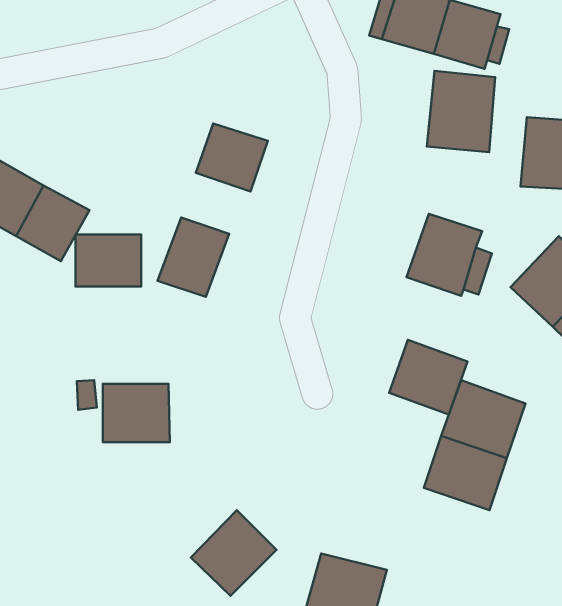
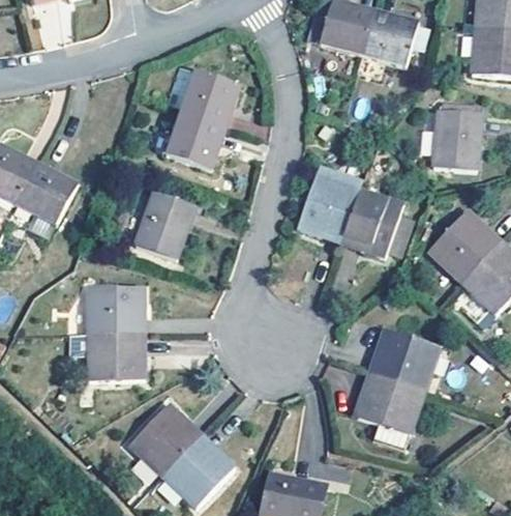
building: none -> [180,67,241,126]
building: [427,71,495,152] -> none
building: none -> [298,173,360,240]
building: [76,235,141,287] -> [88,286,143,329]
building: [389,340,468,414] -> none
building: none -> [128,403,200,475]

